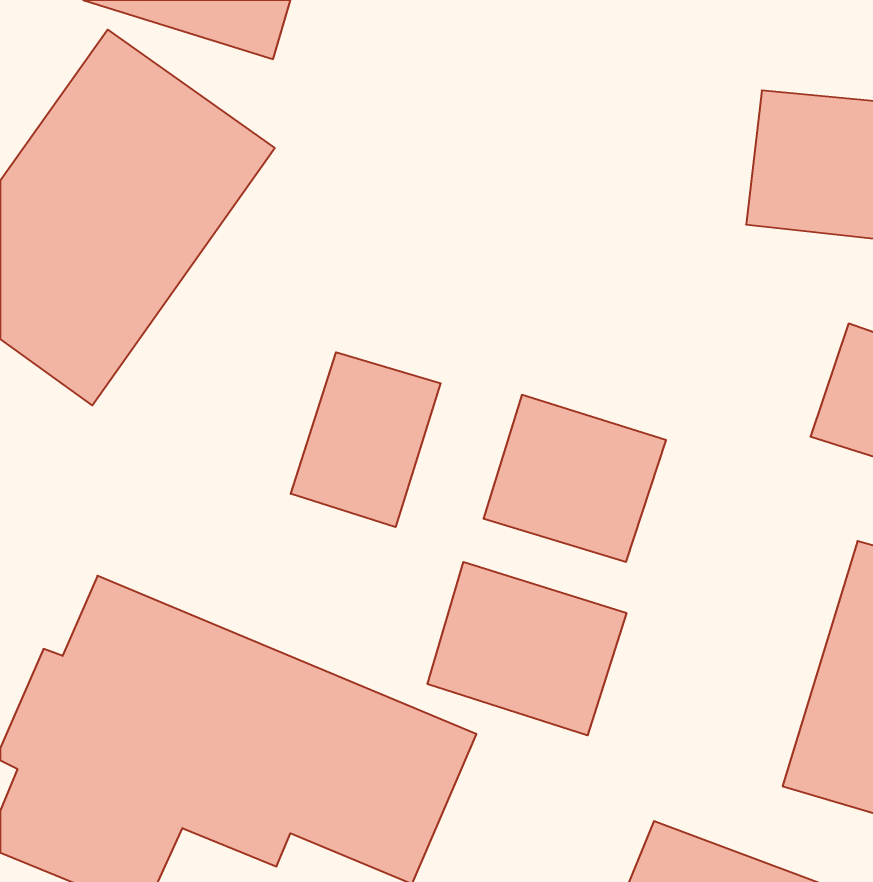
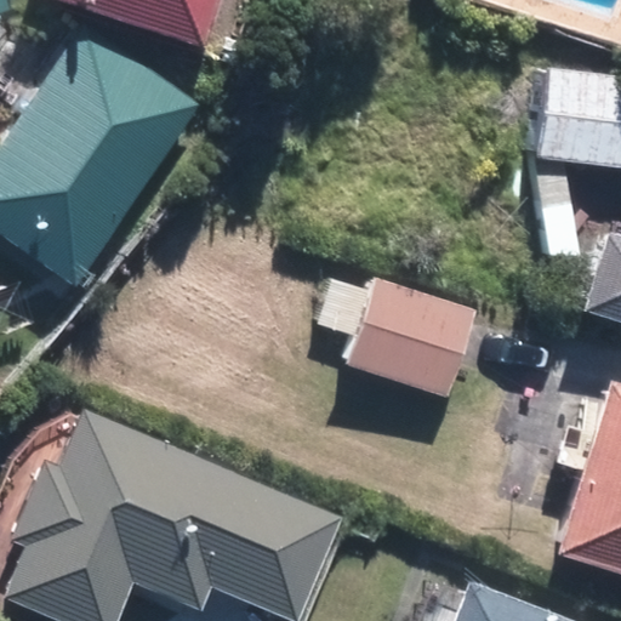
building: [291,352,441,527] -> none
building: [427,562,626,735] -> none

